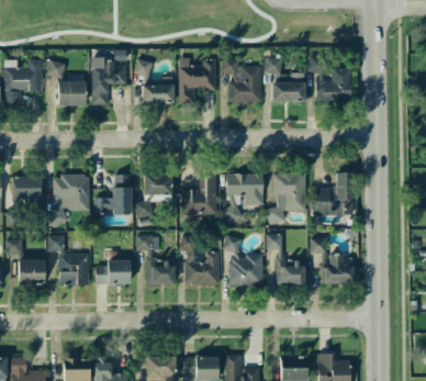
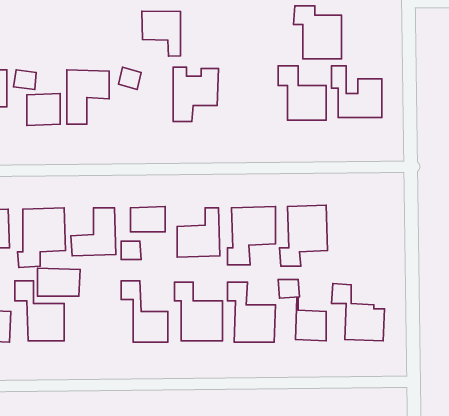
building: none -> [142,11,181,56]
building: [222,58,261,102] -> [294,6,341,59]
building: [142,76,175,103] -> none
building: [316,172,354,215] -> none
building: [96,261,131,284] -> [38,268,80,296]

